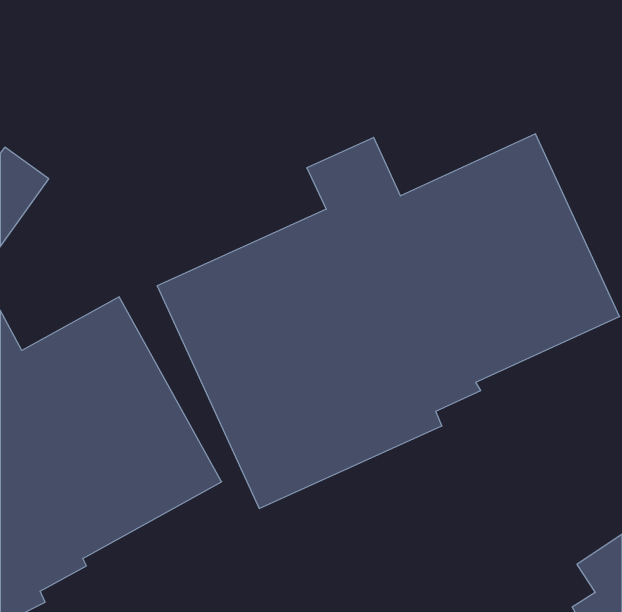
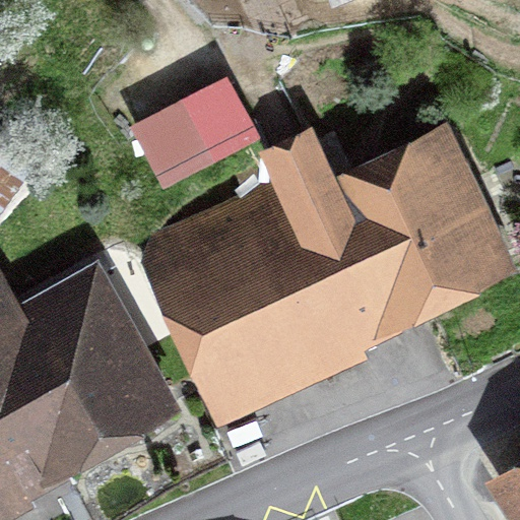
building: none -> [129,76,259,191]

